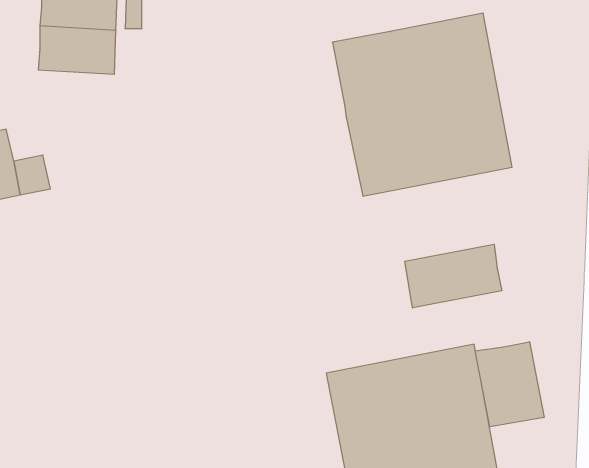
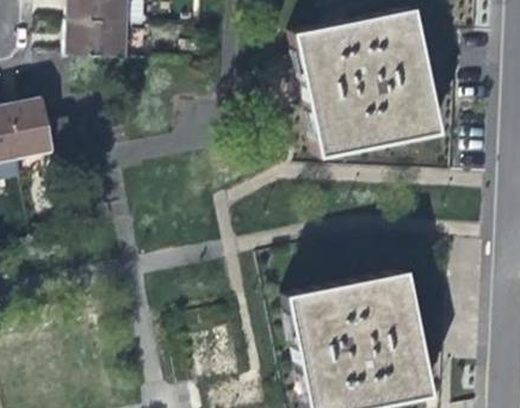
building: [405,244,502,308] -> none
building: [475,342,544,427] -> none

